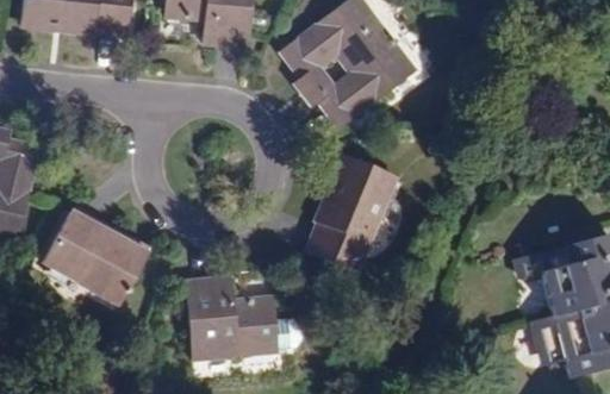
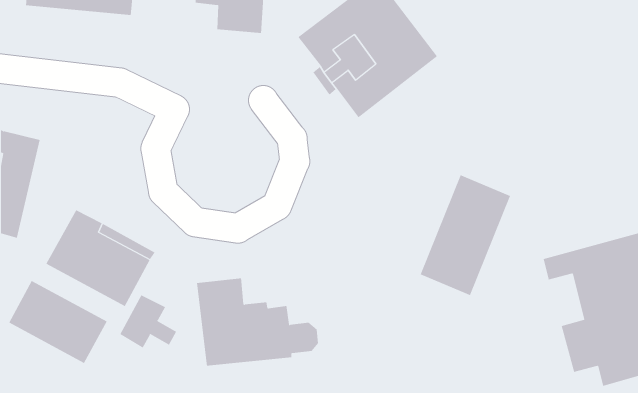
building: [307,156,393,270] -> [420,174,511,296]
building: none -> [8,280,108,364]
building: none -> [120,295,177,349]

